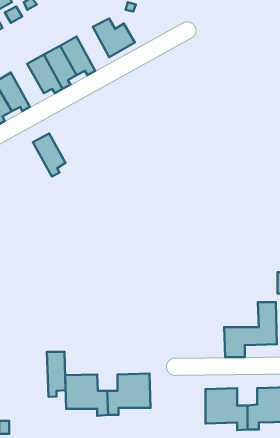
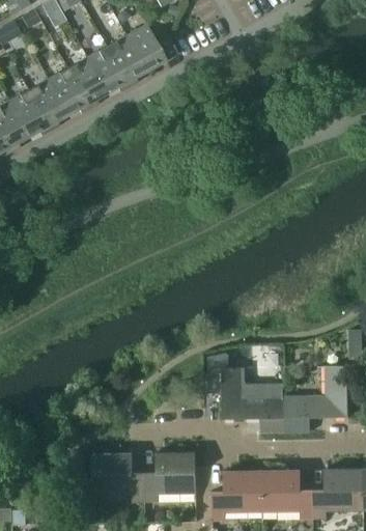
building: none -> [106,33,145,86]
building: [33,134,66,177] -> [27,78,66,130]
building: none -> [207,352,285,432]
building: [47,352,66,397] -> none
building: none -> [210,470,261,520]

